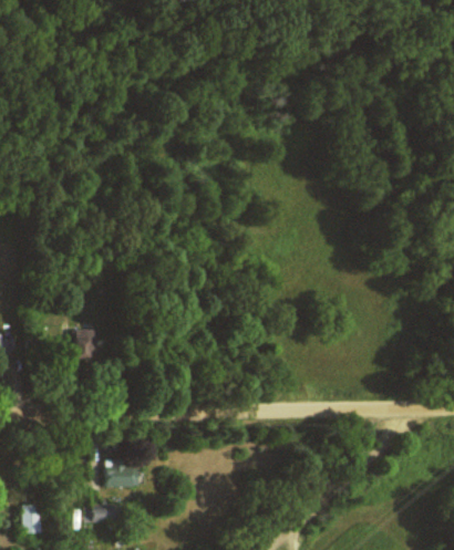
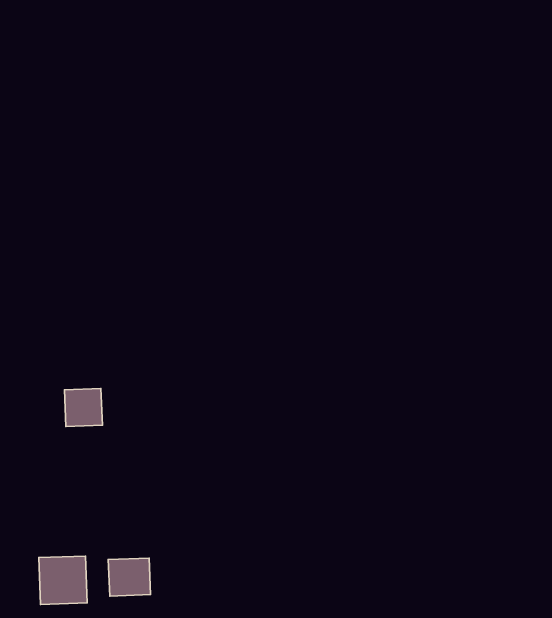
building: none -> [39,556,87,604]

